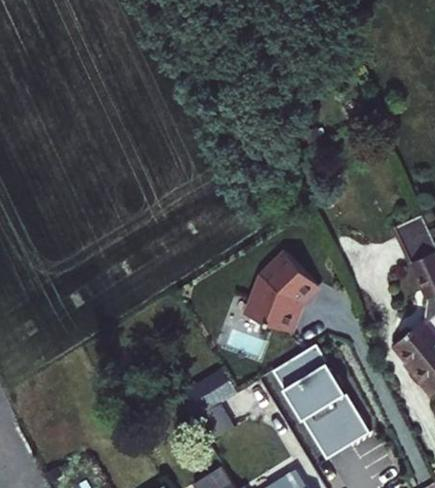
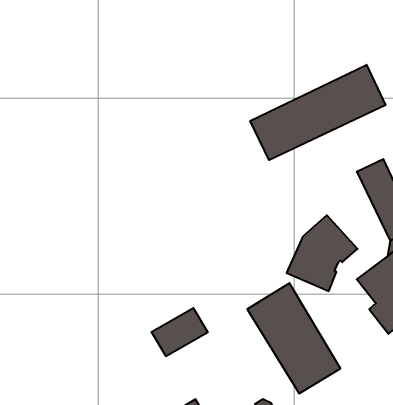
building: none -> [250,65,385,160]
building: [251,255,325,334] -> [287,215,358,291]

